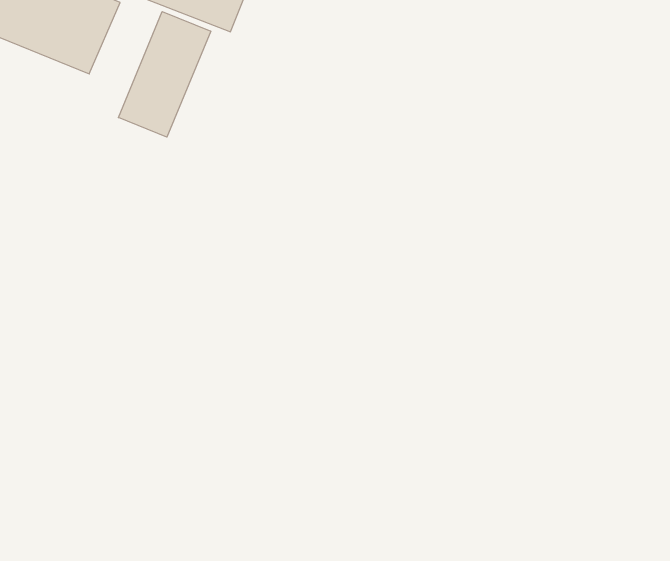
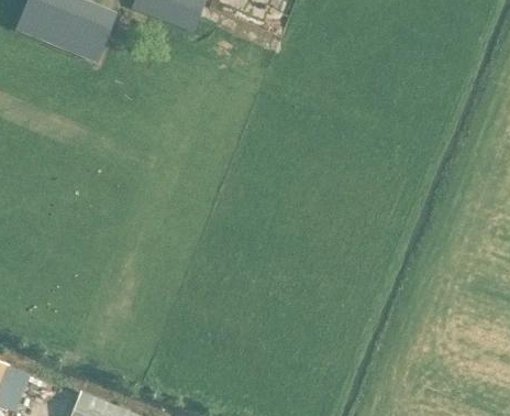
building: [118,12,211,137] -> none

